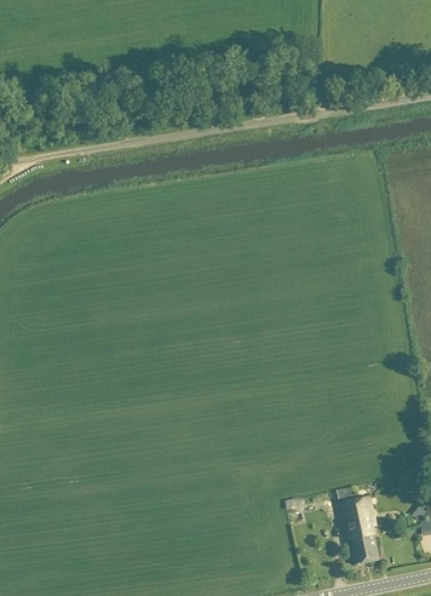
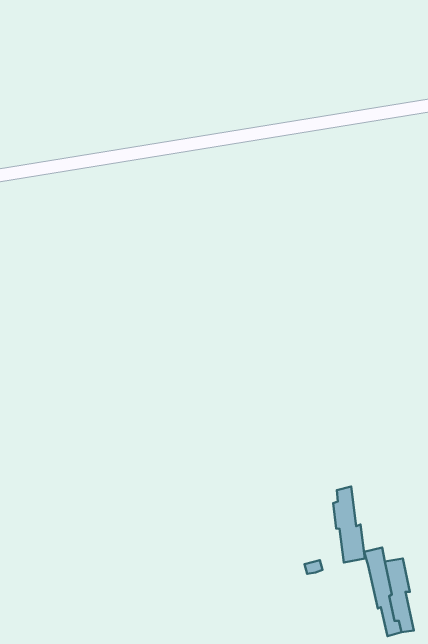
building: none -> [333,487,365,563]

